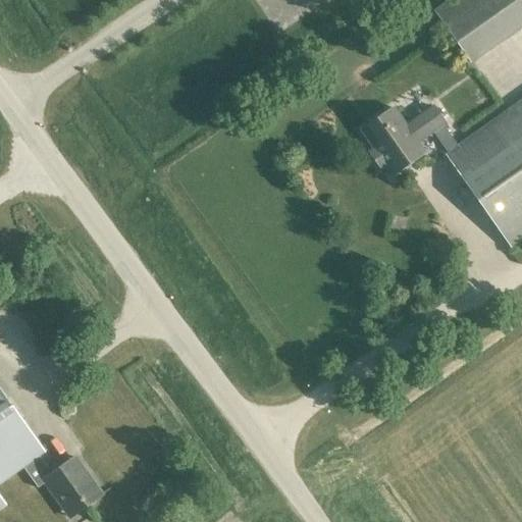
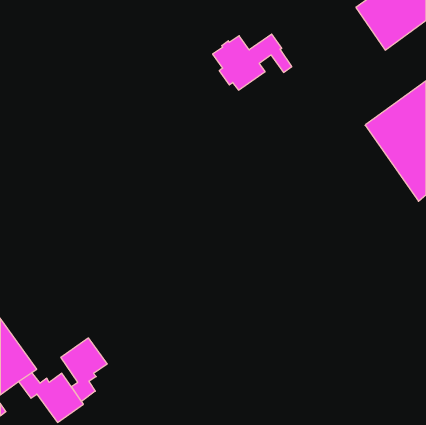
building: [361,105,458,173] -> [213,34,292,90]
building: none -> [61,338,107,401]

